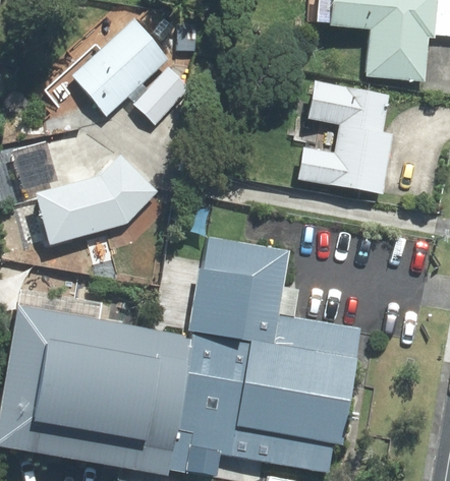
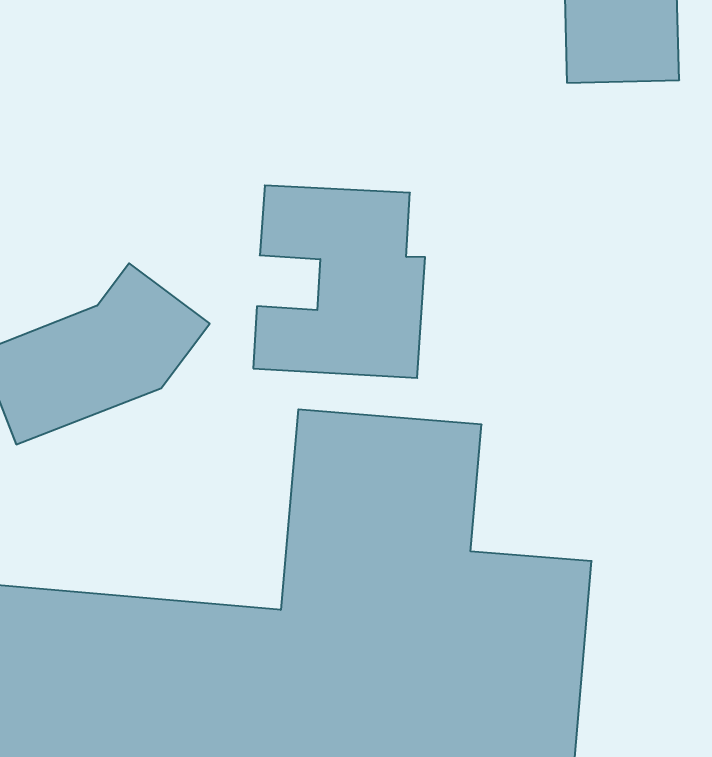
building: [68,17,190,123] -> none
building: [294,80,393,192] -> [253,185,425,378]

